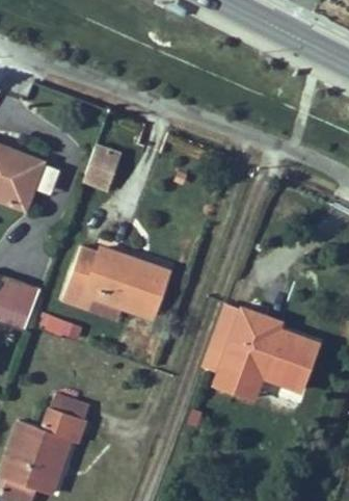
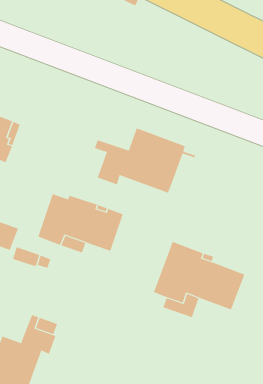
building: [84,146,120,189] -> none
building: none -> [94,127,196,194]

